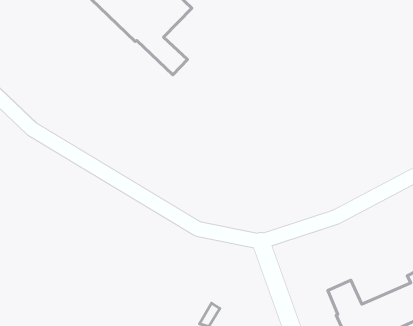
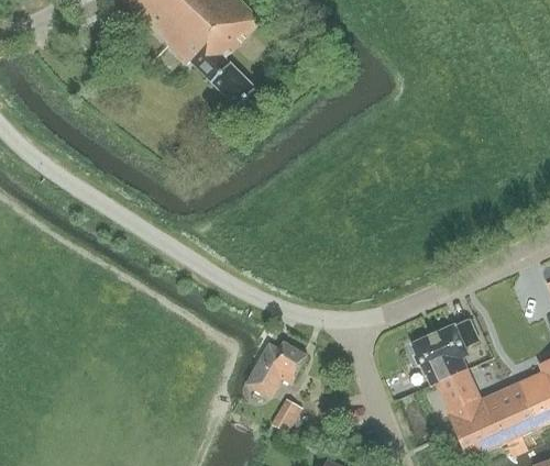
building: none -> [411,317,480,384]
building: none -> [244,340,307,395]

